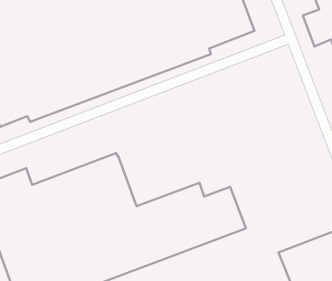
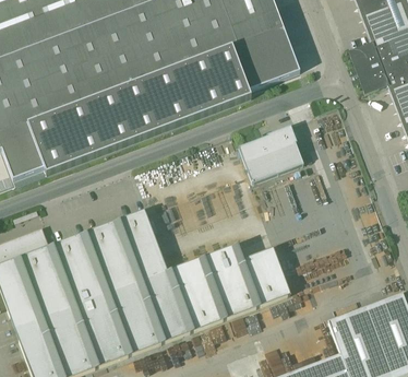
building: none -> [238,126,304,182]

